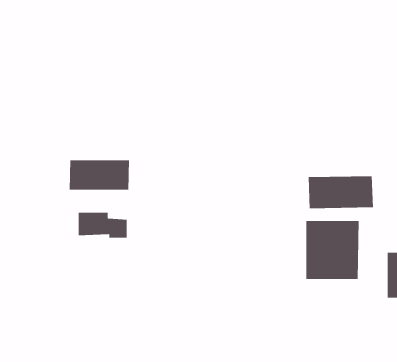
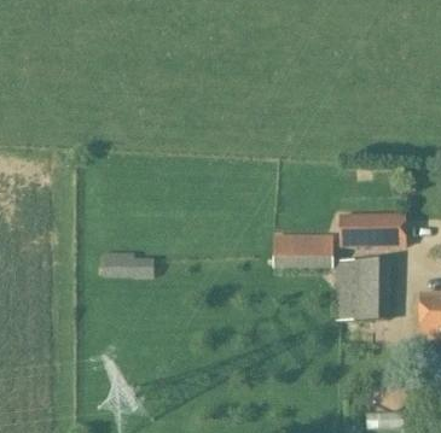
building: [69,159,130,191] -> none
building: none -> [273,234,333,268]

